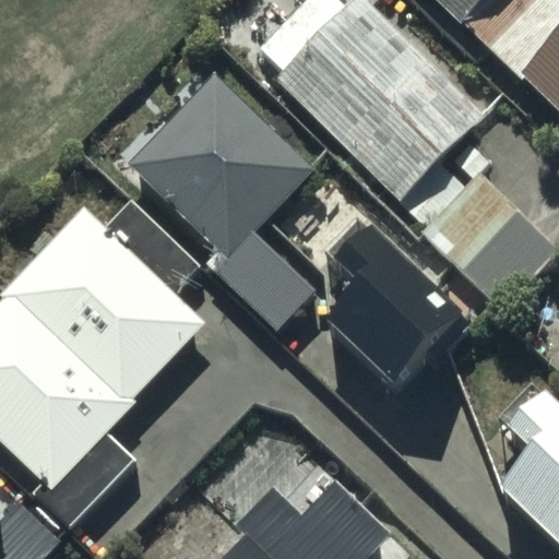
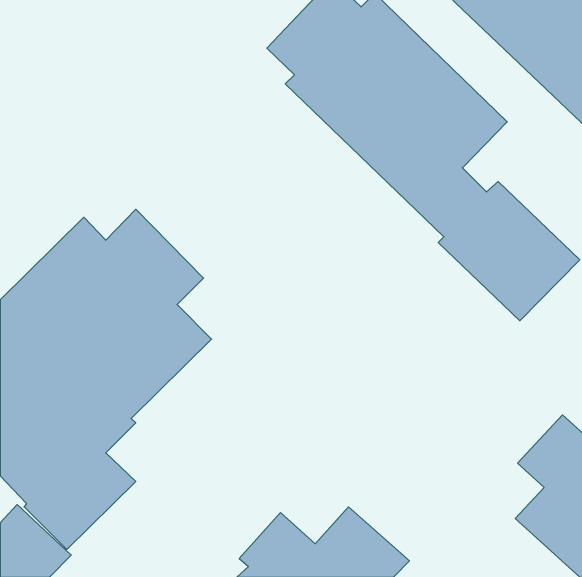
building: [131,75,317,332] -> none
building: [290,195,469,391] -> none

